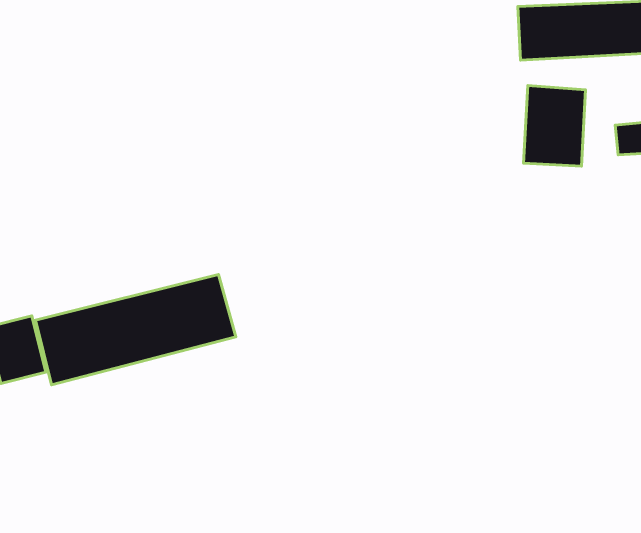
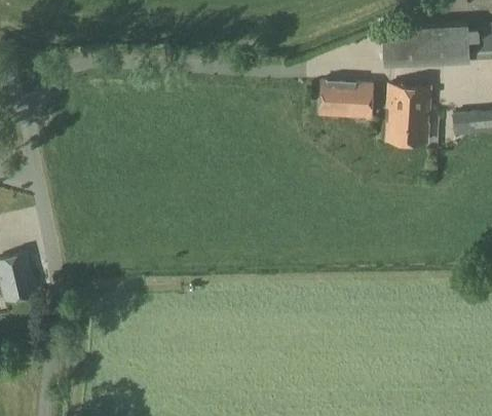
building: none -> [320,82,373,118]
building: [35,275,236,385] -> none

